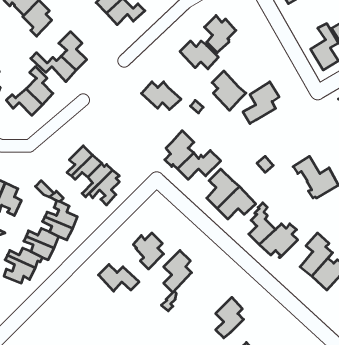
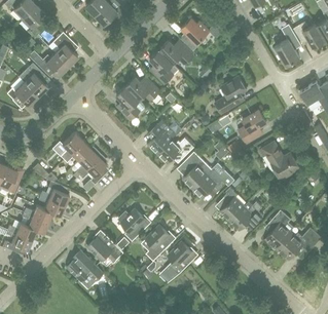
building: [212,71,246,110] -> [149,49,179,84]
building: none -> [116,86,148,120]
building: none -> [239,111,266,144]
building: none -> [67,250,103,280]
building: [216,297,244,338] -> [168,241,192,277]

